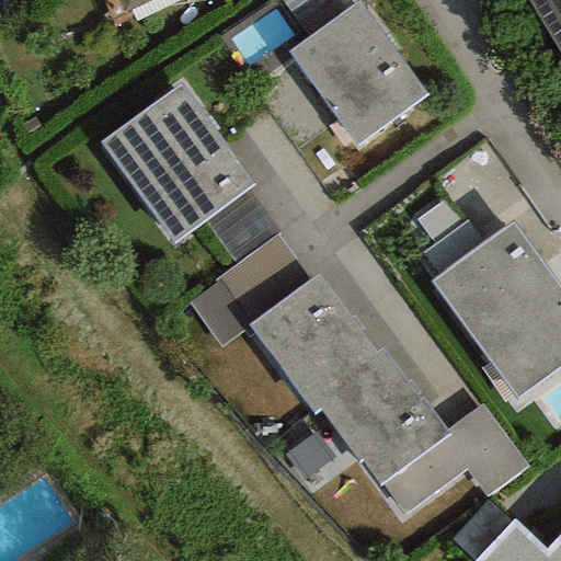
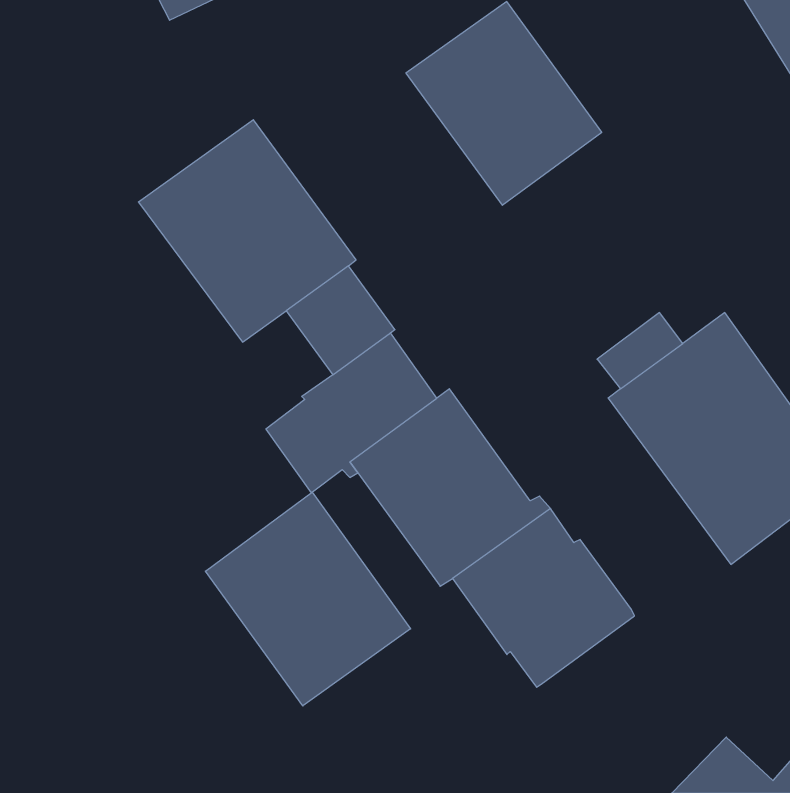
building: none -> [205,492,411,706]
building: [385,404,528,512] -> none

